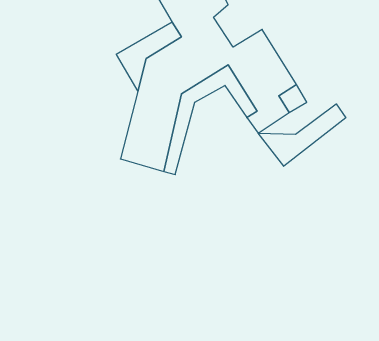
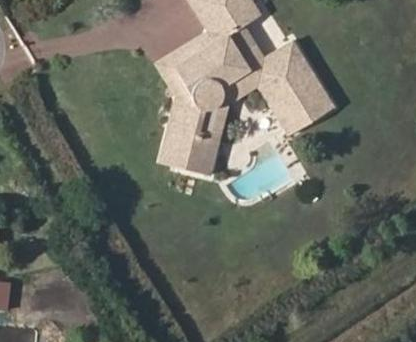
building: [258,104,346,166] -> none

